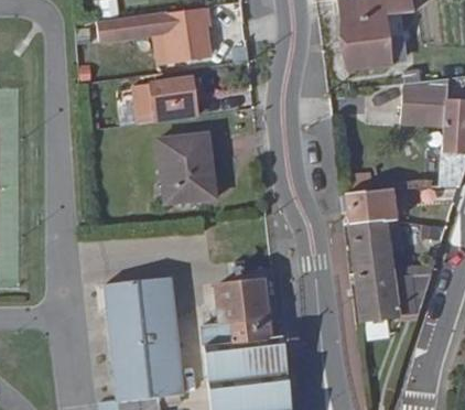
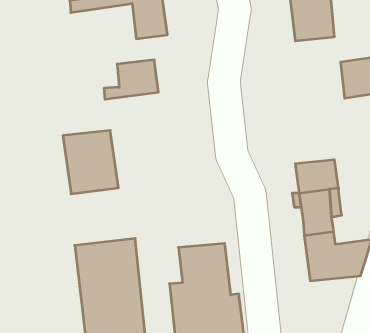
building: [158,137,218,206] -> [63,130,118,194]

